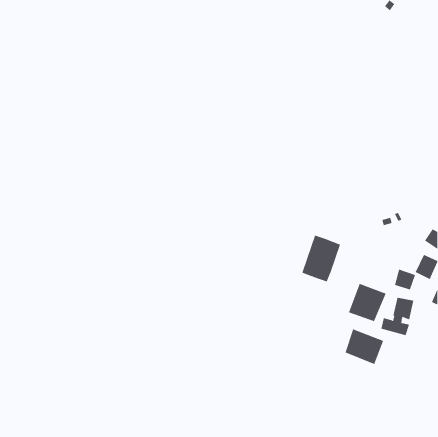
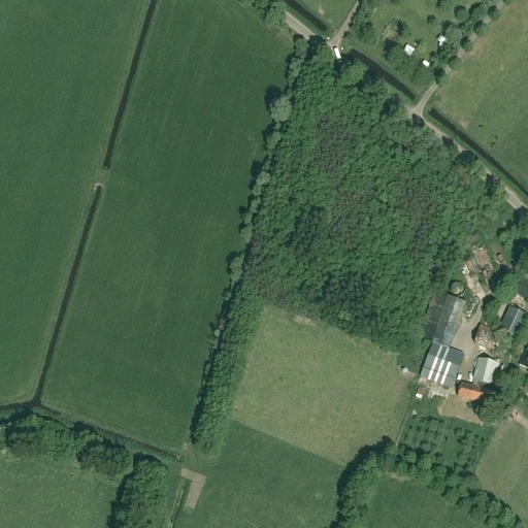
building: [302,235,341,282] -> [419,290,466,346]
building: [345,328,384,365] -> none

